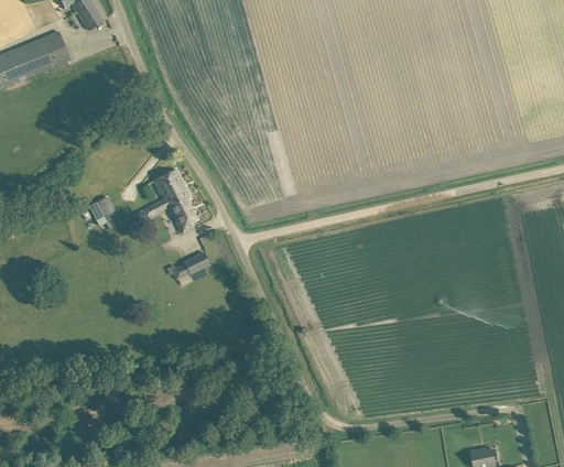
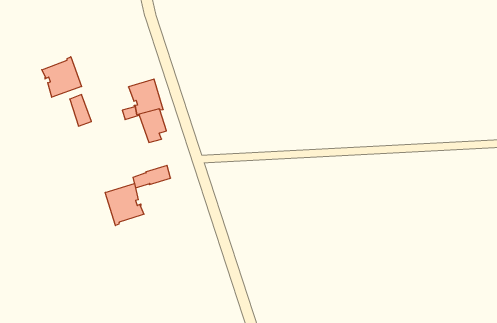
building: none -> [42,57,82,97]
building: none -> [105,183,144,226]

